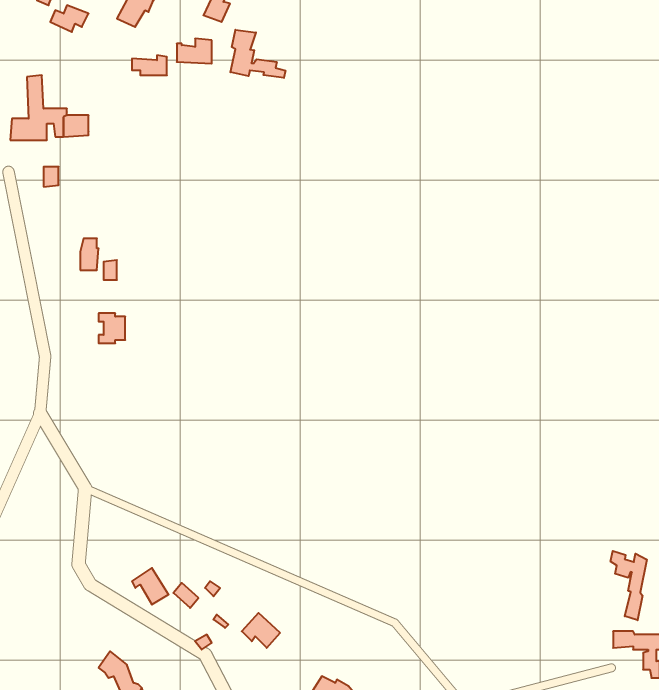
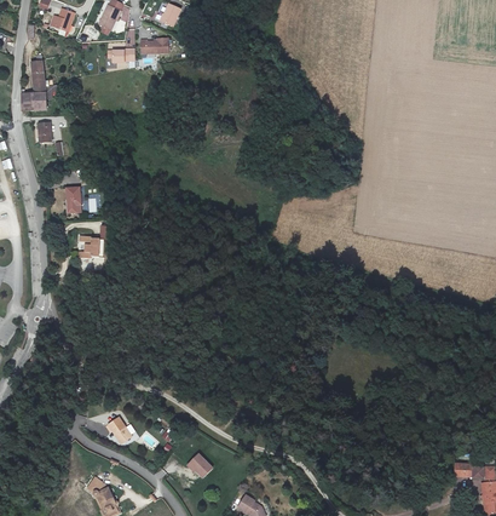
building: [230,30,285,78] -> none
building: [611,551,647,620] -> none

